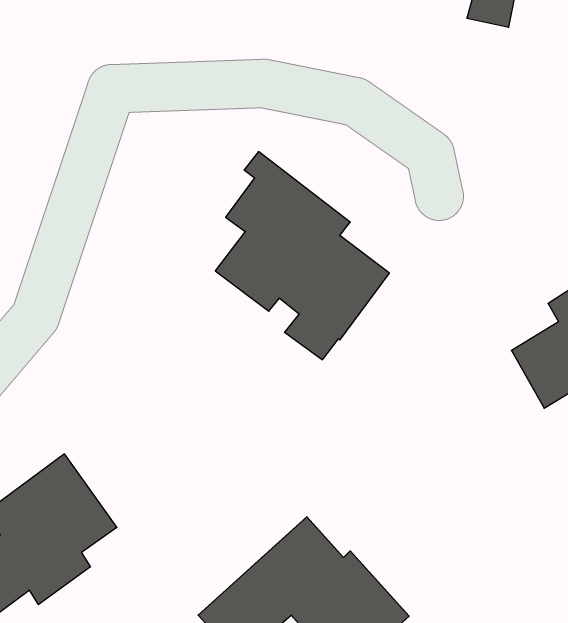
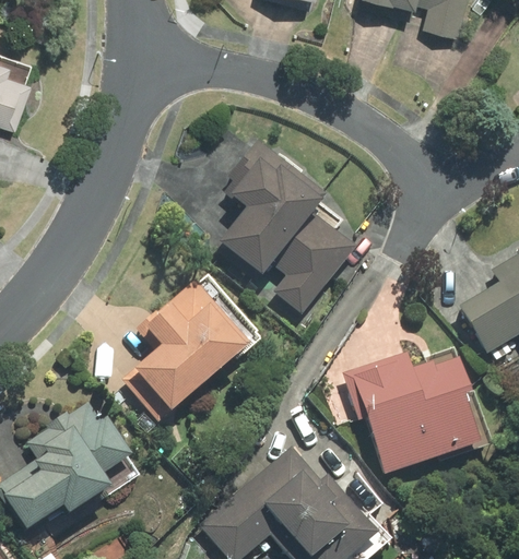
building: none -> [120,271,259,421]
building: none -> [353,348,477,474]

